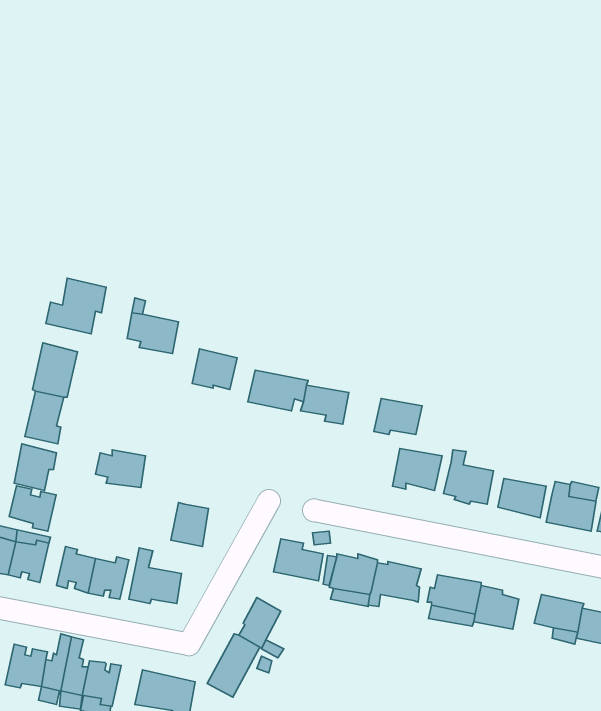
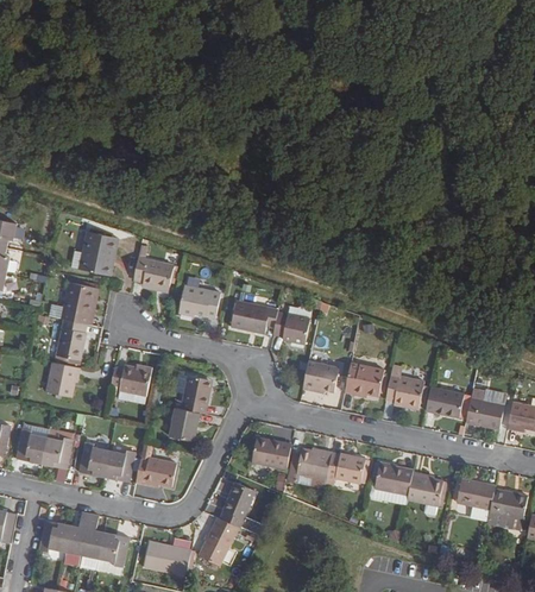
building: [374,398,422,435] -> [300,363,338,391]
building: none -> [180,373,208,412]
building: [9,486,56,531] -> none

